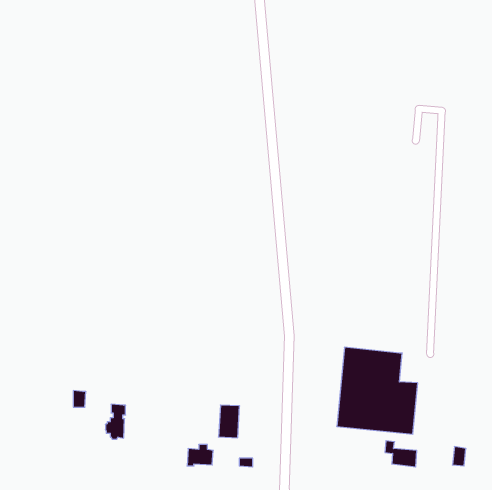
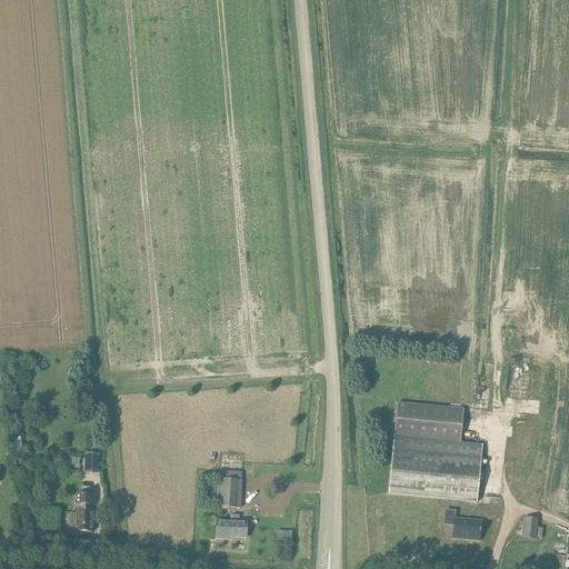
building: [105,404,126,439] -> [71,491,94,531]
building: [218,405,240,438] -> [218,468,242,506]

